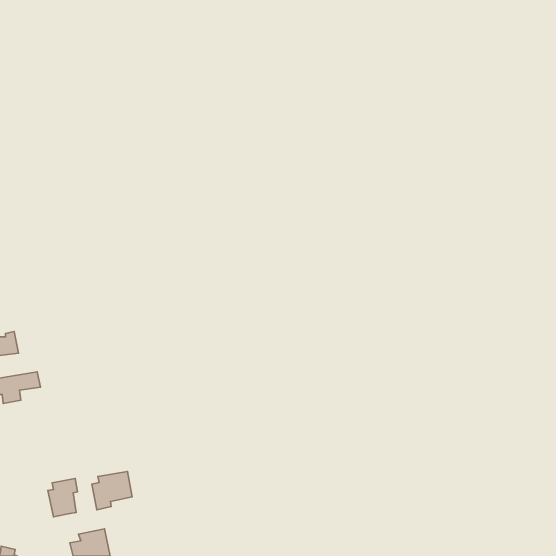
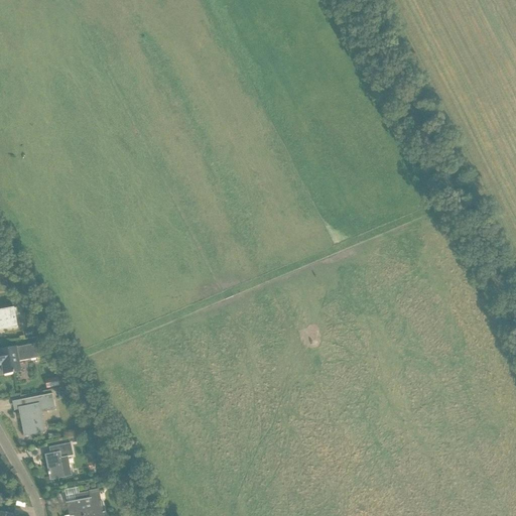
building: none -> [20,393,54,434]
building: [92,471,132,510] -> none

